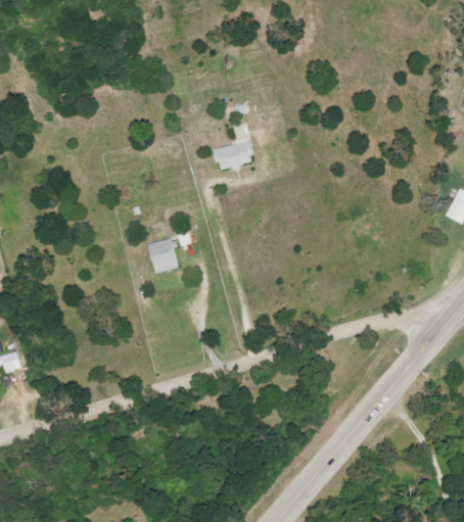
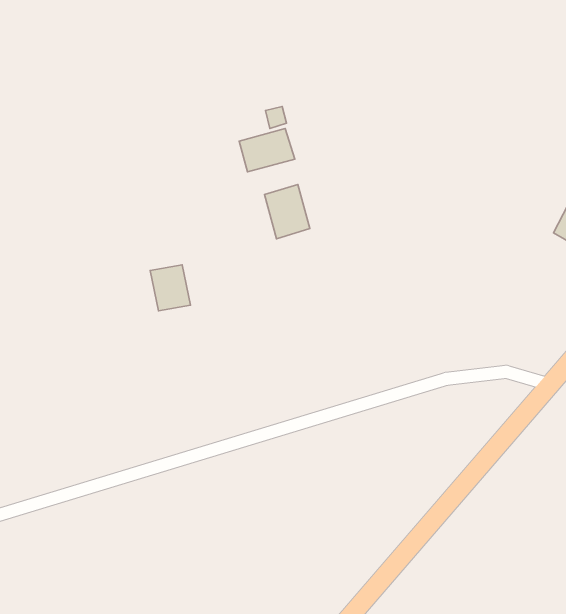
building: none -> [265,184,310,239]

